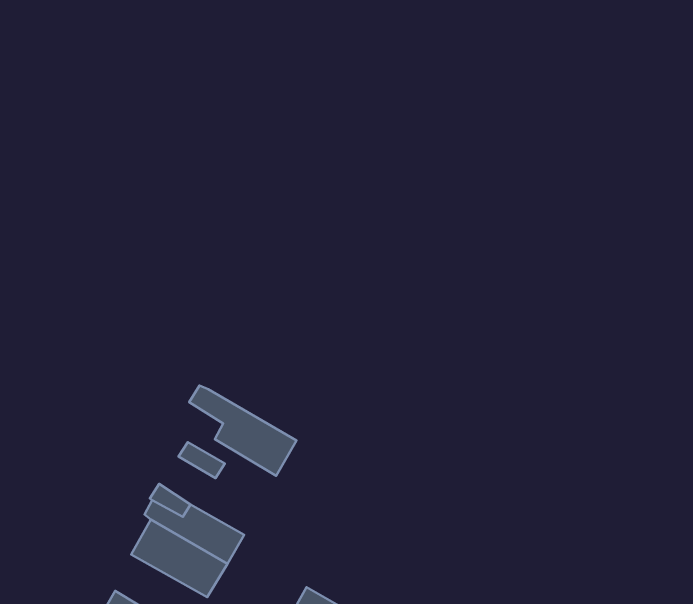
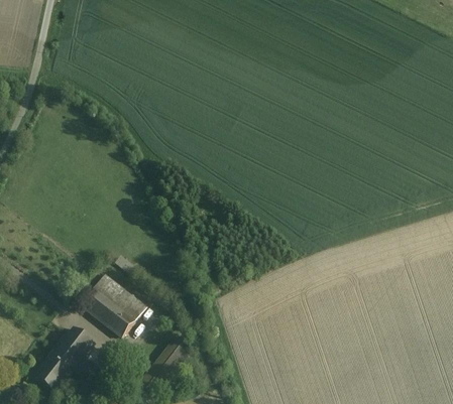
building: [189,386,297,476] -> none

